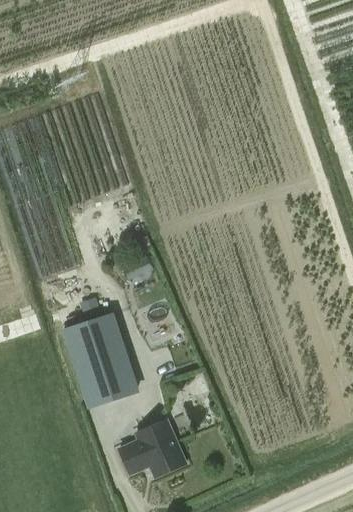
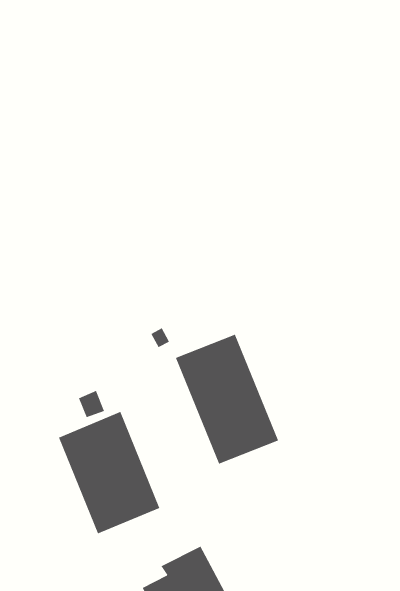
building: none -> [175,334,279,465]

